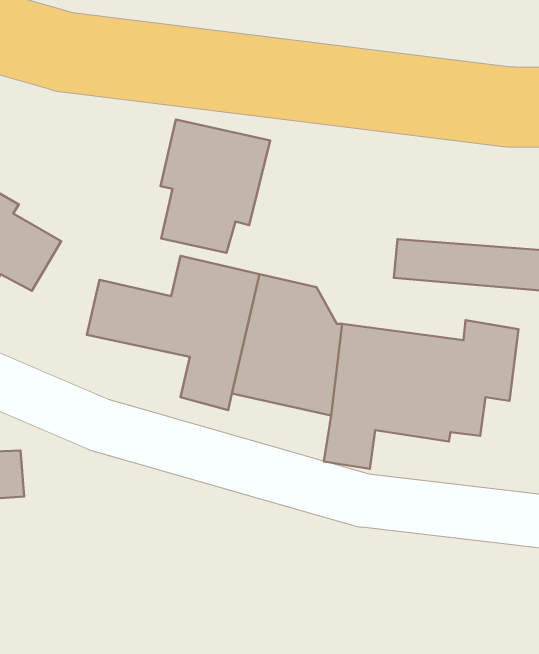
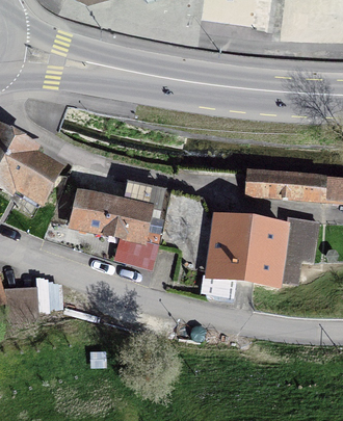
building: [160,120,270,253] -> none

